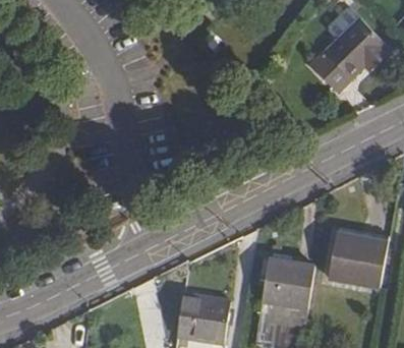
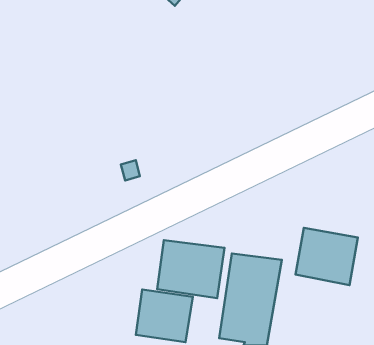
building: [310,18,386,93] -> none
building: none -> [157,240,224,298]

